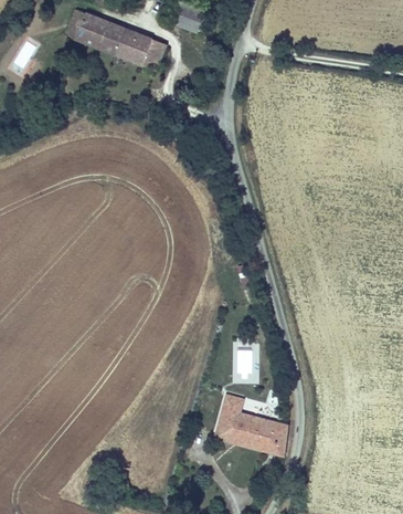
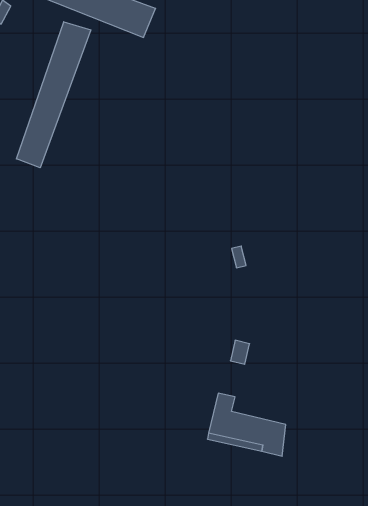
building: none -> [16,22,91,168]

